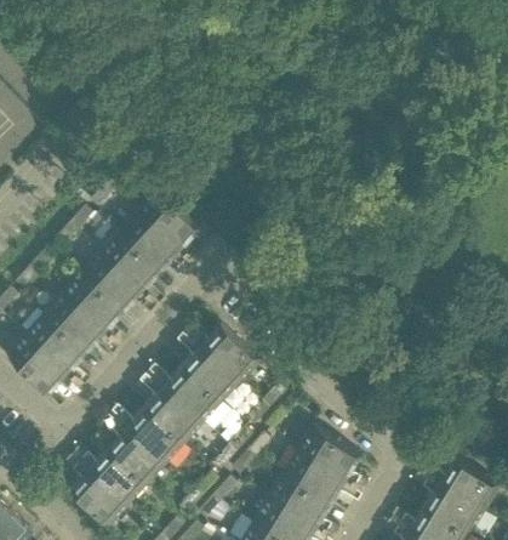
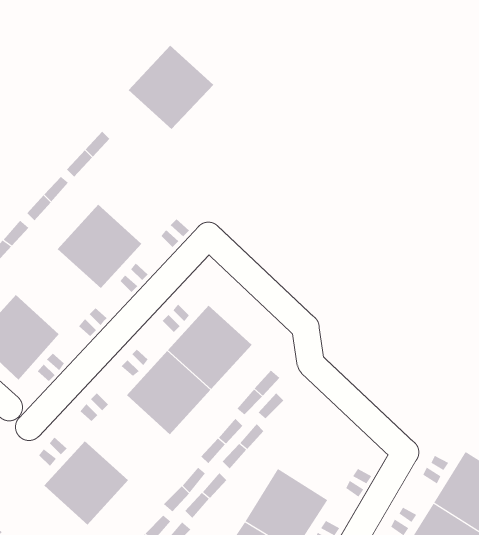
building: [118,192,196,269] -> [128,45,214,130]
building: [42,274,120,352] -> none
building: [105,408,183,485] -> none
building: [281,426,358,504] -> none

